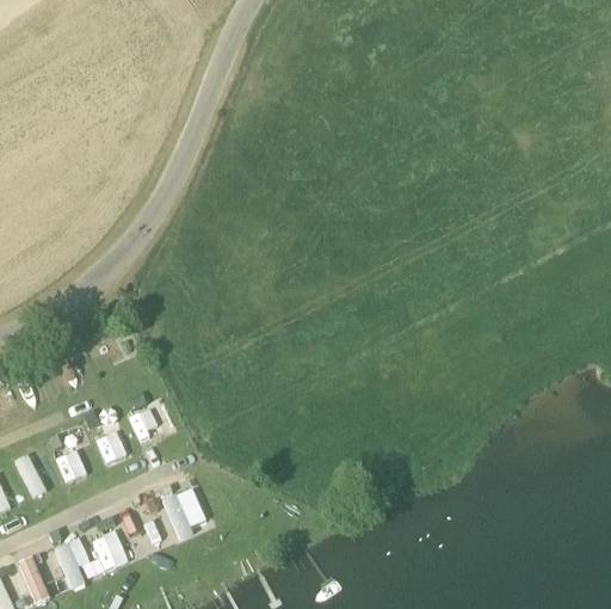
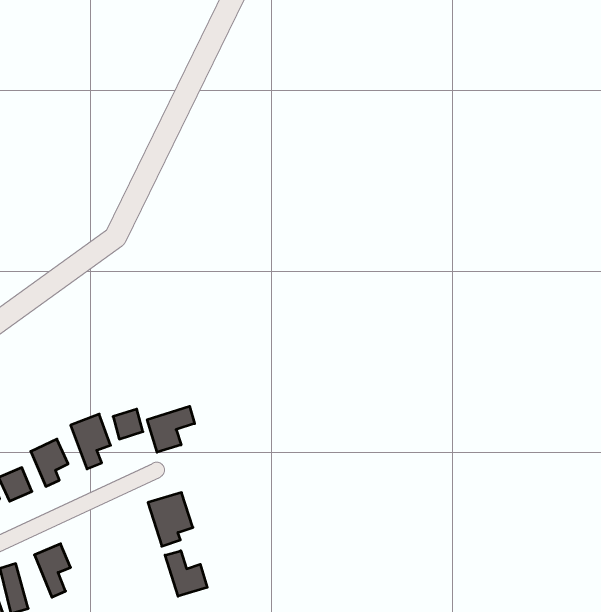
building: none -> [147,406,195,452]
building: [90,529,129,571] -> none
building: none -> [165,551,207,596]

